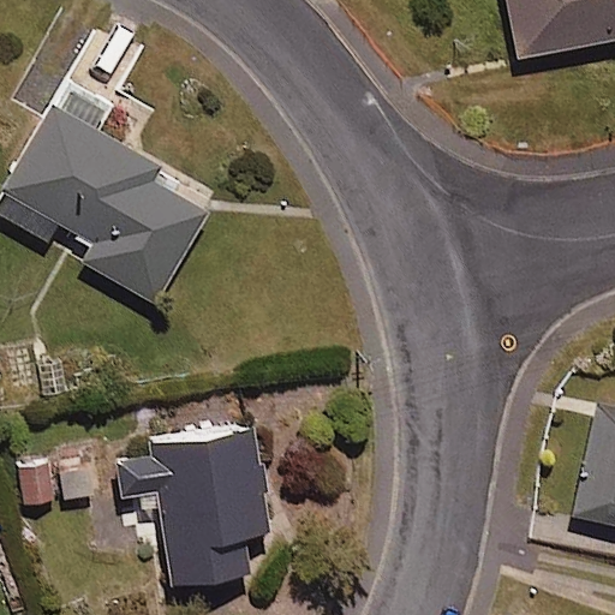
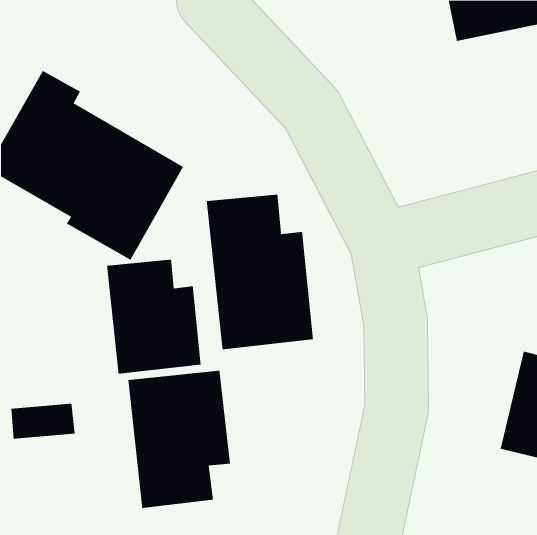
building: none -> [206,194,314,350]
building: none -> [106,259,201,374]

